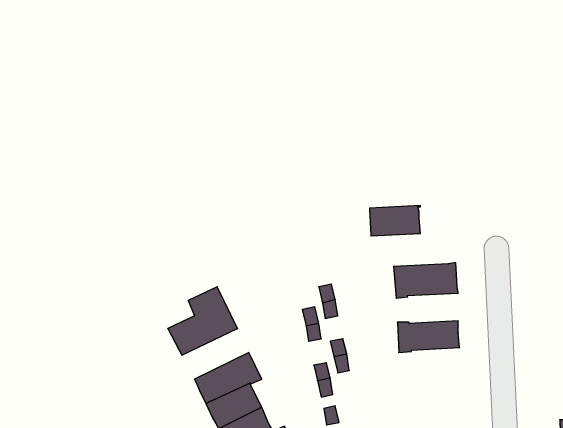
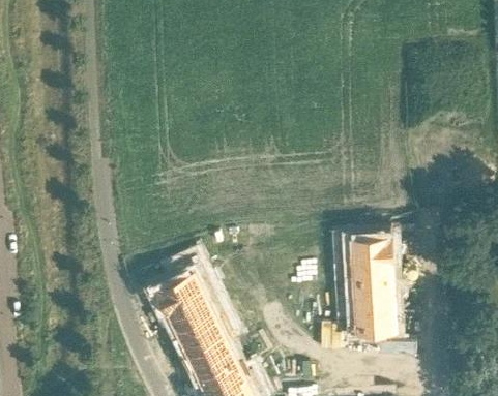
building: [370,206,420,236] -> [349,264,390,288]
building: none -> [165,293,219,334]
building: none -> [352,308,392,335]

